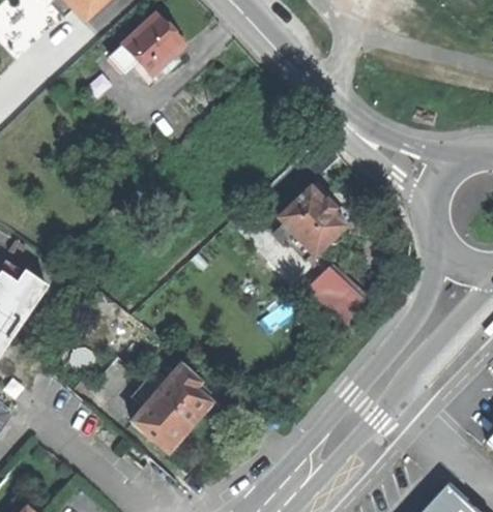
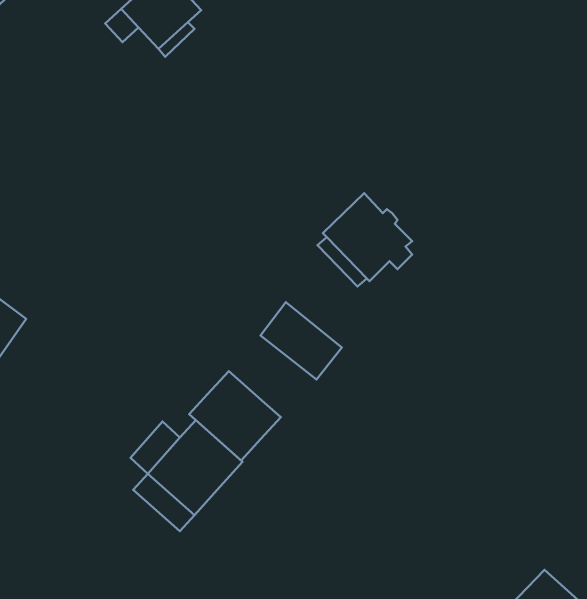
building: [309,270,372,330] -> [260,302,342,380]
building: none -> [189,371,281,460]

